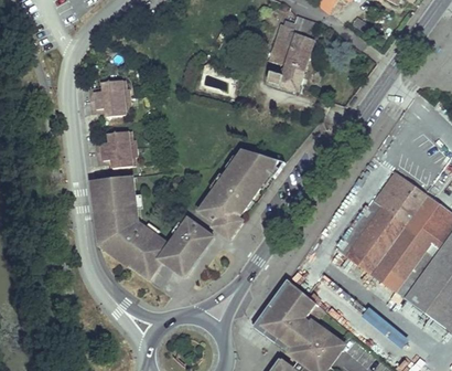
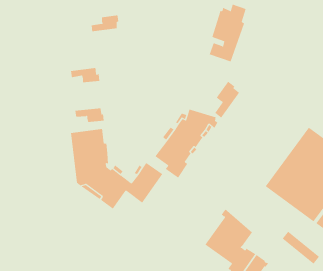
building: [89,78,126,100] -> [91,15,119,32]
building: none -> [215,81,240,118]
building: [96,130,131,151] -> none
building: [146,233,213,280] -> none
building: [255,285,297,352] -> none

